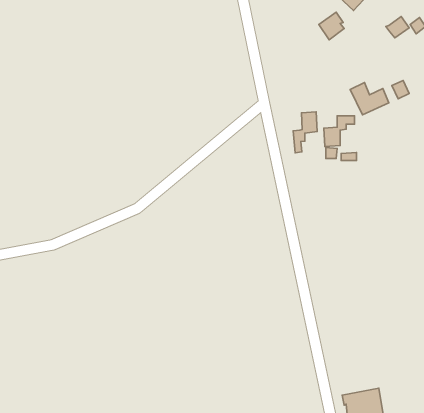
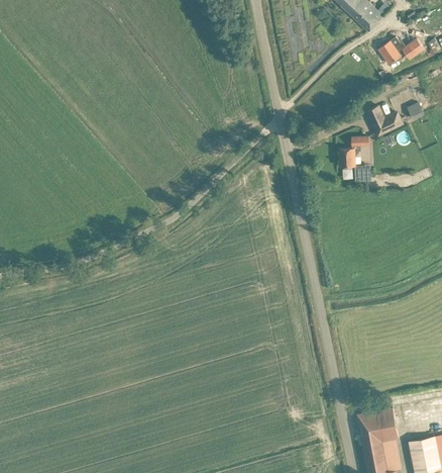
building: [319,12,344,40] -> [380,35,406,63]
building: [293,112,317,153] -> none

